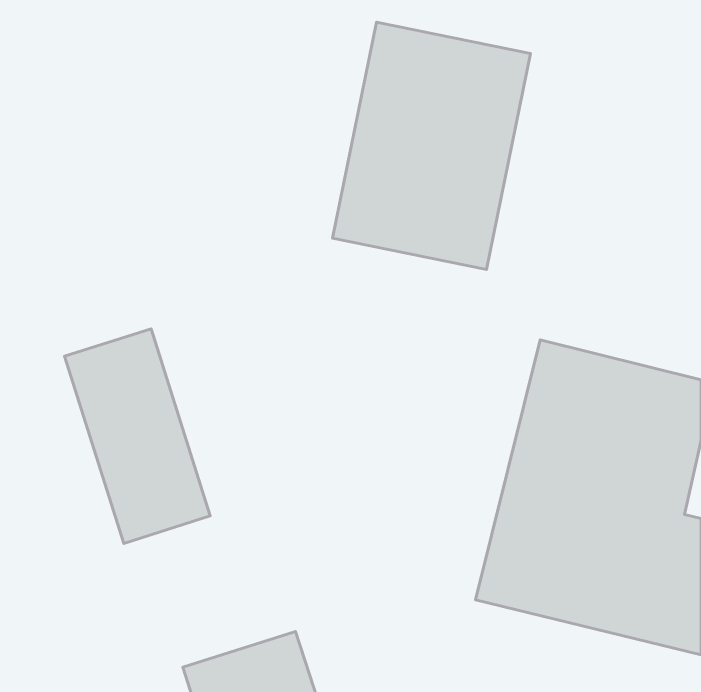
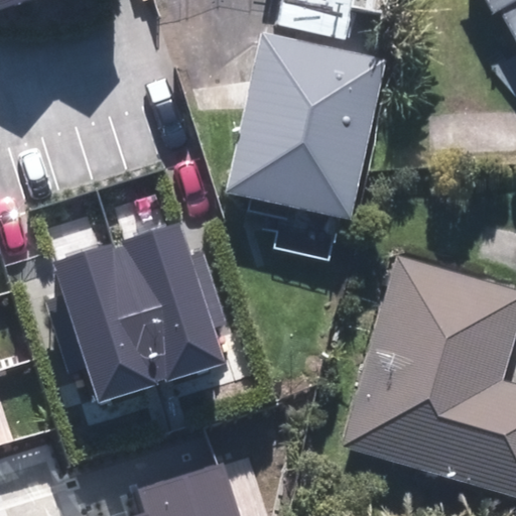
building: none -> [111,229,219,386]

